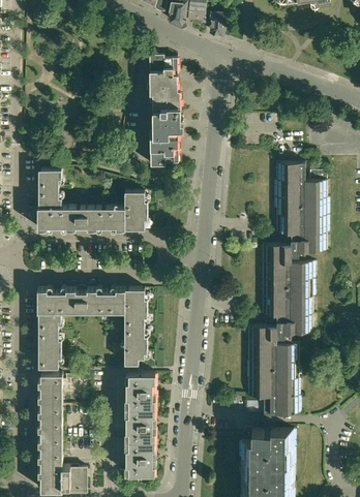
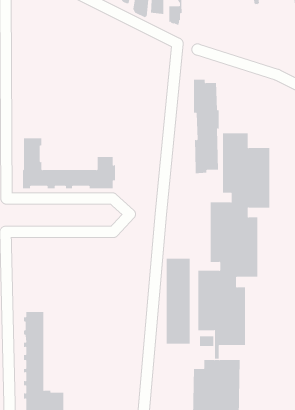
building: [149,55,180,166] -> [193,79,220,174]
building: [38,288,148,368] -> none
building: [126,373,155,474] -> [166,258,190,344]

